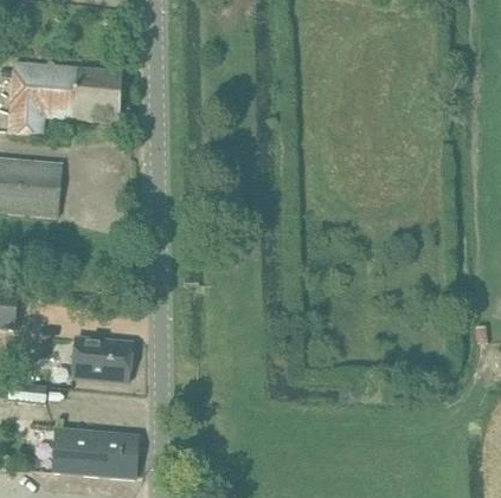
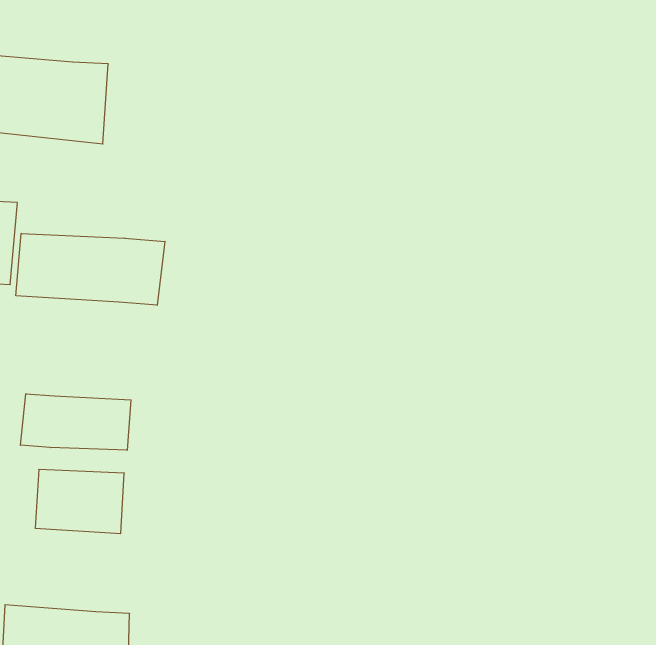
building: none -> [16,233,165,305]
building: none -> [20,394,131,450]

